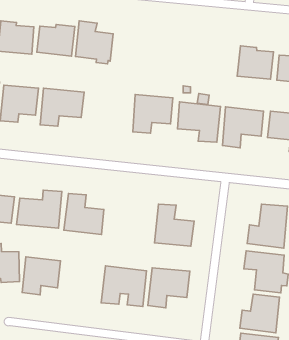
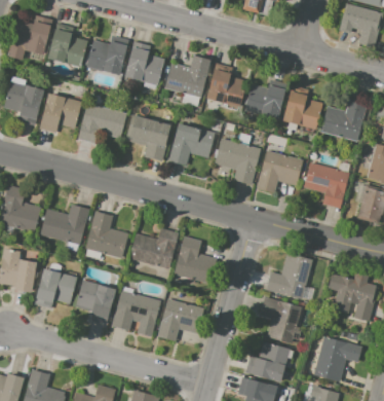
building: none -> [164,56,210,98]
building: none -> [206,69,246,107]
building: none -> [243,83,286,120]
building: none -> [125,112,172,160]
building: none -> [129,228,178,268]
building: none -> [75,281,116,324]

